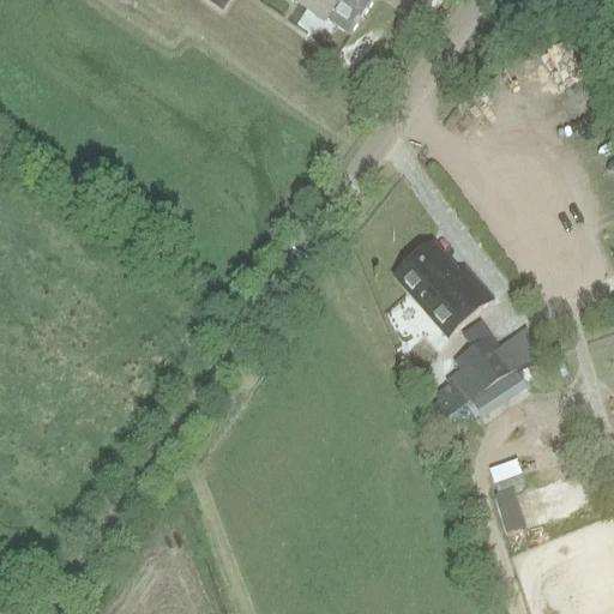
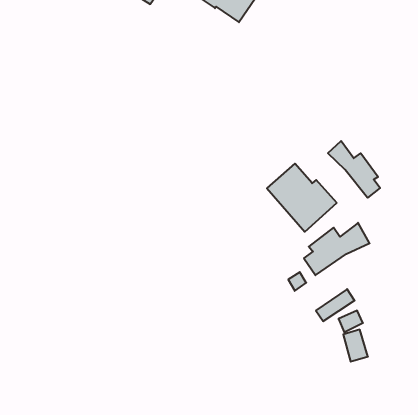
building: none -> [328,141,380,198]
building: [469,368,525,415] -> [316,289,355,321]

